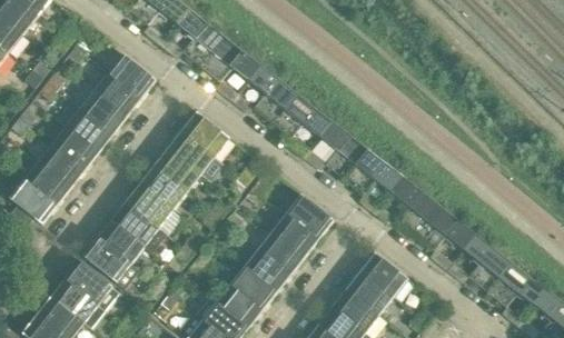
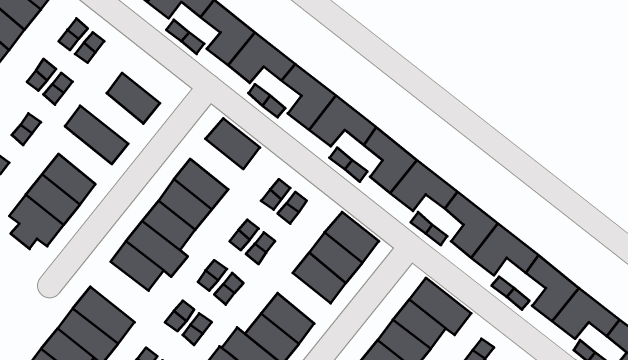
building: [108,53,156,99] -> none
building: [71,83,127,135] -> none
building: [52,126,99,170] -> none
building: [168,130,224,181] -> none
building: [83,238,139,289] -> none
building: [245,248,291,292] -> none

